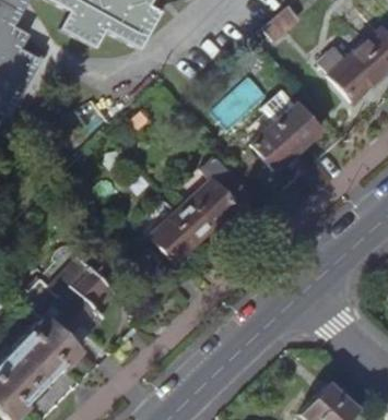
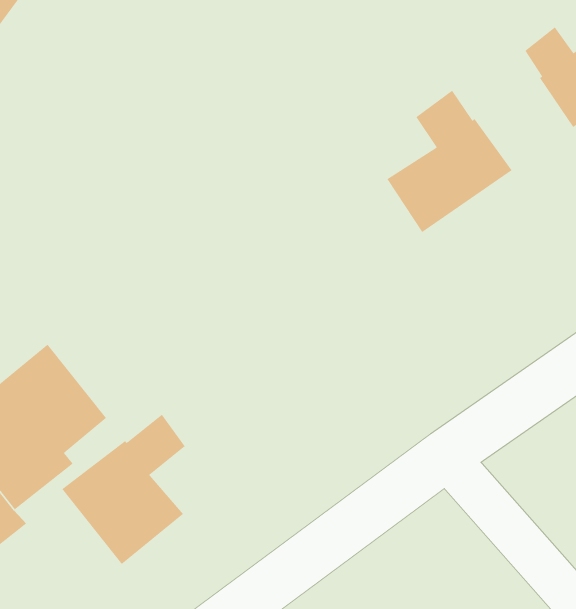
building: [153,158,249,262] -> none
building: none -> [62,414,185,565]

